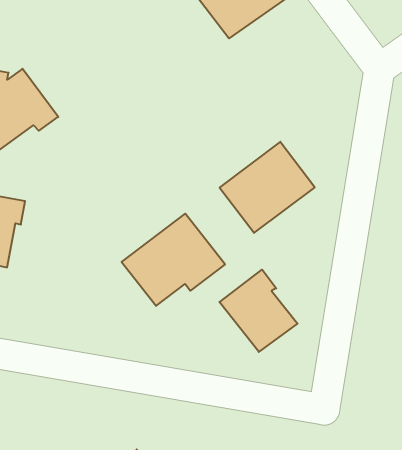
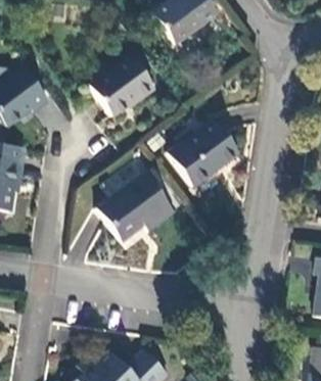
building: none -> [88,56,152,114]
building: [219,270,298,352] -> none

